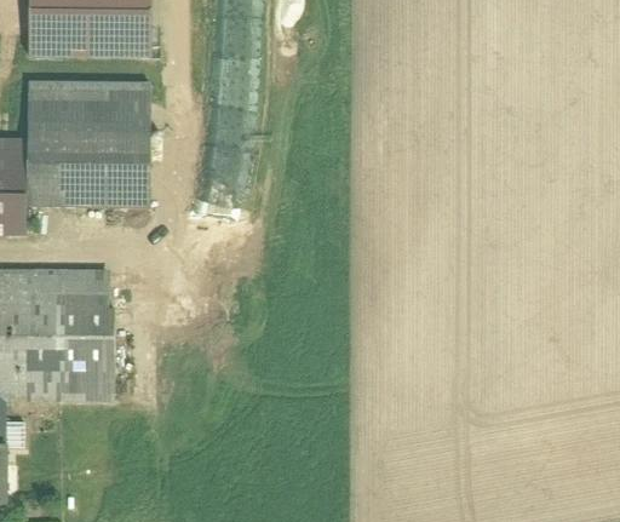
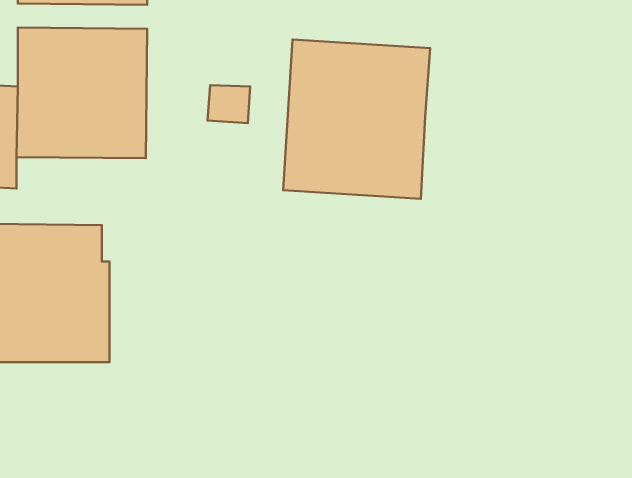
building: none -> [283,40,430,199]

